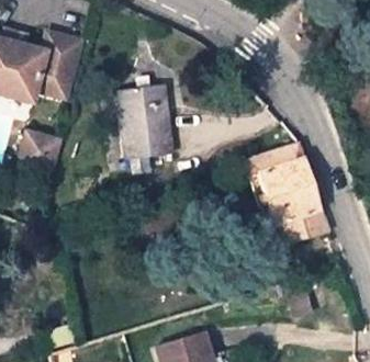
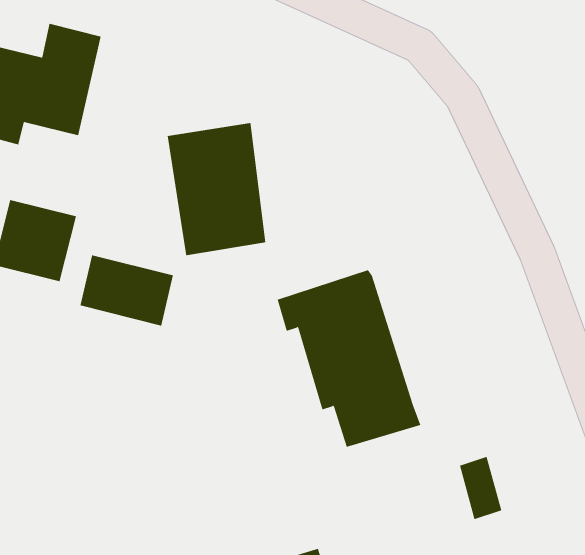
building: [246,142,330,246] -> [277,270,421,448]
building: none -> [80,255,174,326]

